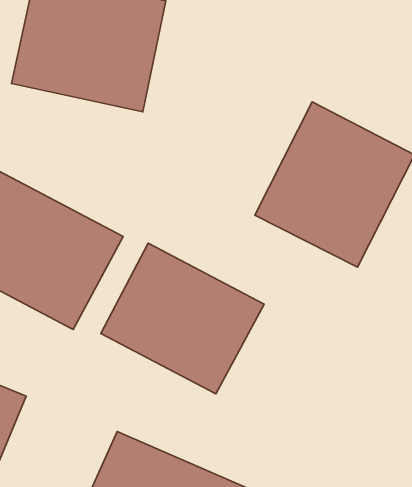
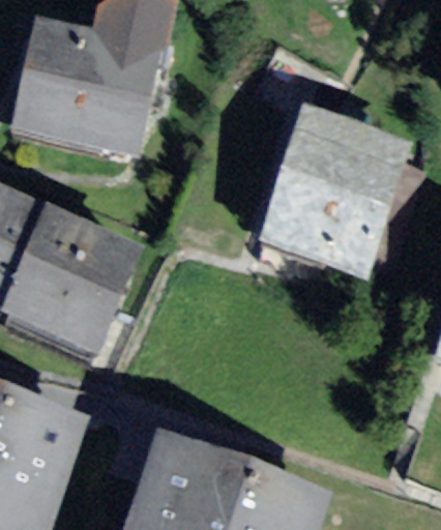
building: [101,243,264,394] -> none

